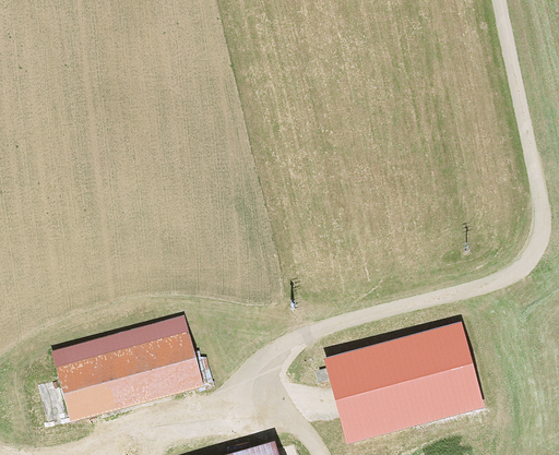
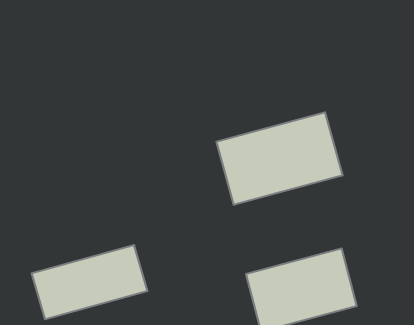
building: none -> [216,112,343,205]

